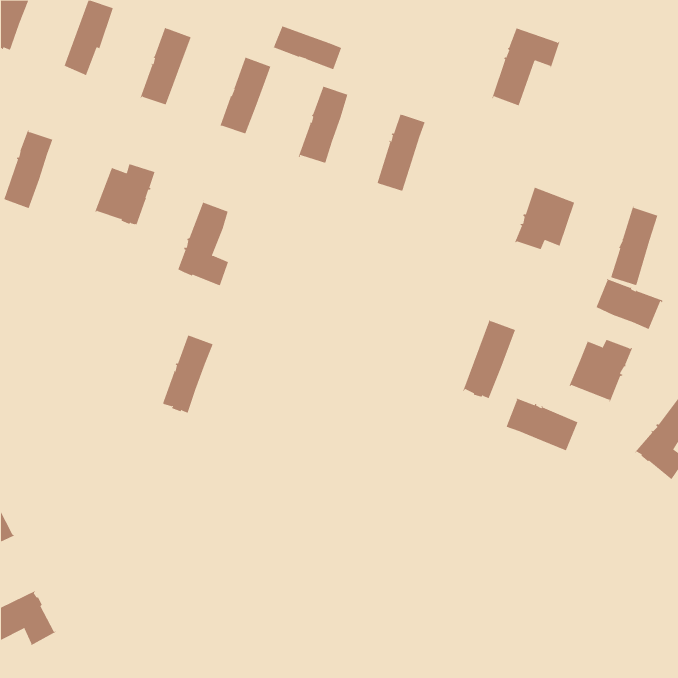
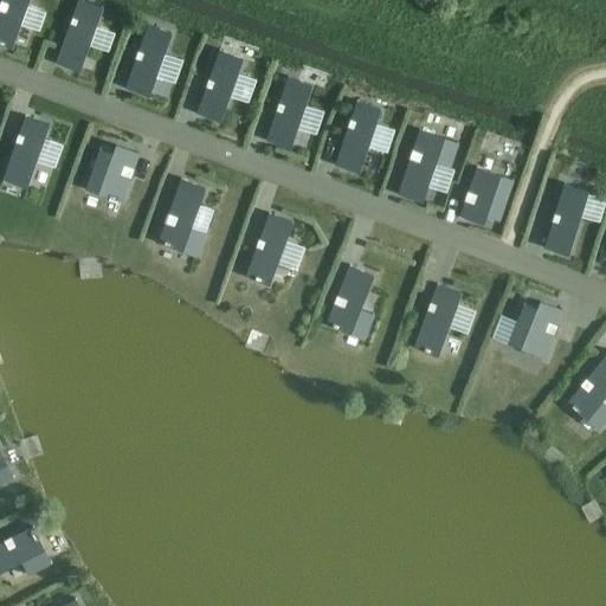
building: [272,26,342,71] -> none
building: [491,26,560,106] -> [398,130,459,201]
building: [596,279,663,330] -> none
building: none -> [325,265,375,341]
building: [162,334,213,413] -> [246,213,292,284]
building: [506,398,580,451] -> none

